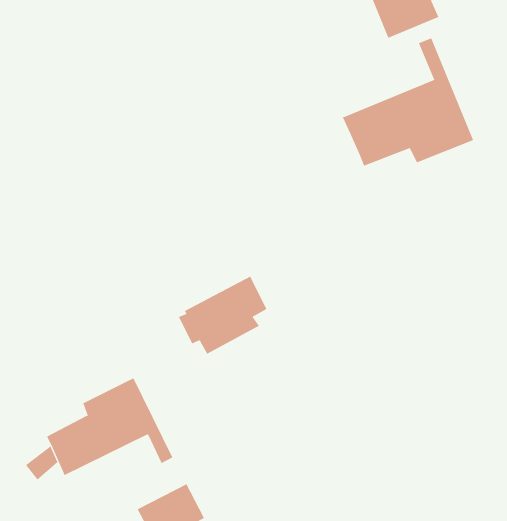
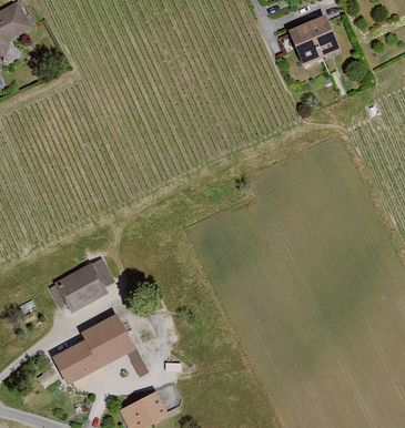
building: [342,38,474,166] -> none
building: [178,276,267,355] -> [50,257,115,315]

